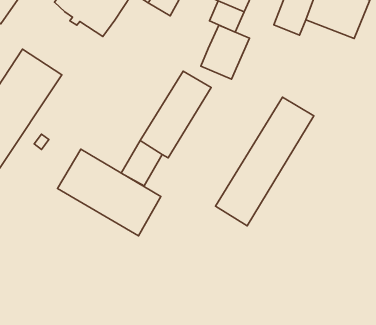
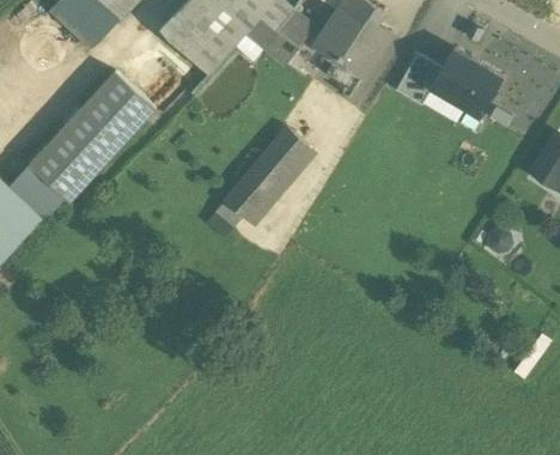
building: [201,25,249,79] -> none
building: [216,97,314,226] -> none
building: [57,149,161,236] -> none

